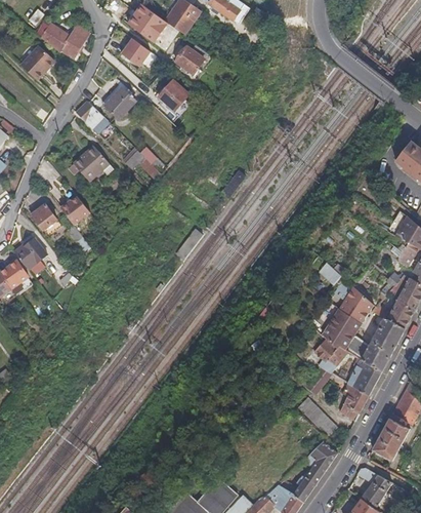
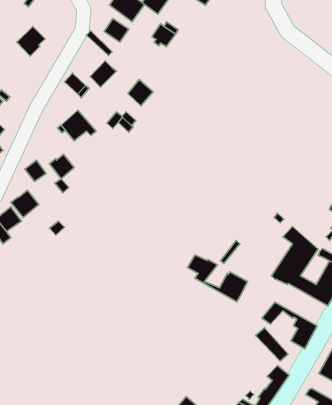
building: [38,22,88,58] -> none
building: [161,78,191,109] -> [128,79,153,106]
building: [312,342,382,396] -> [188,255,248,302]

